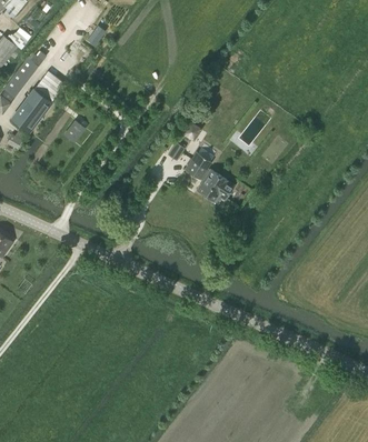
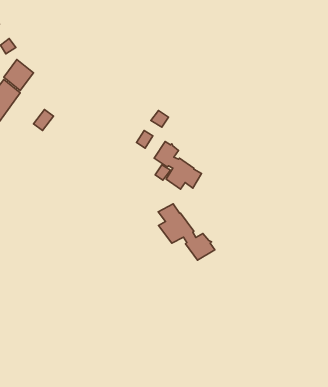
building: none -> [158,204,215,260]

